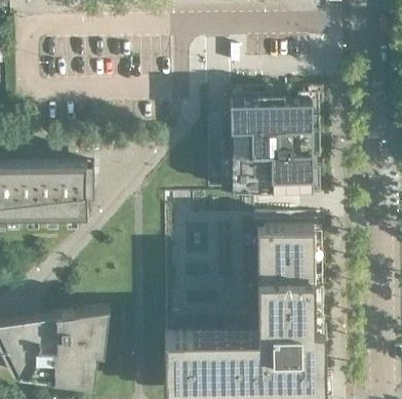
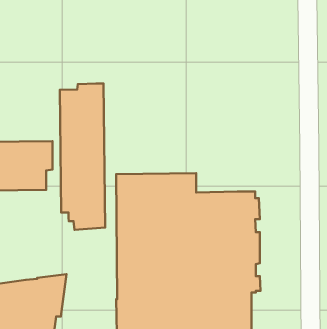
building: none -> [60,83,105,230]
building: [230,104,313,195] -> none

